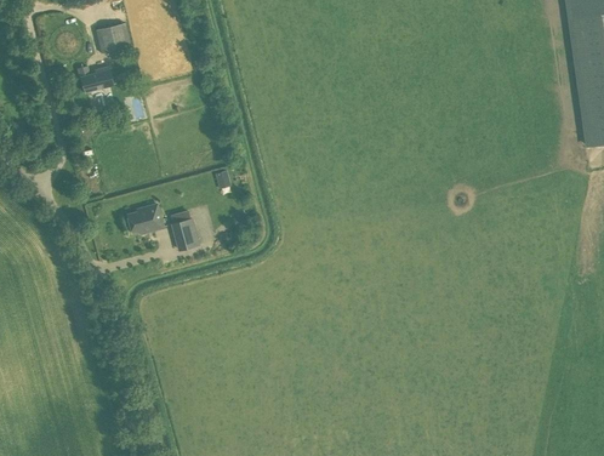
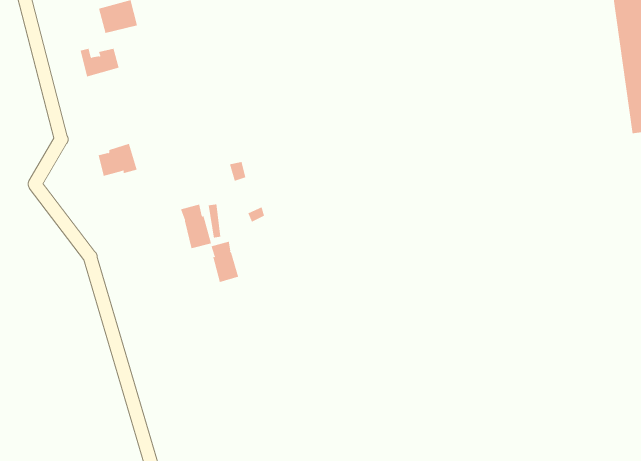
building: [127,204,164,234] -> [98,143,137,176]
building: none -> [211,241,239,283]

